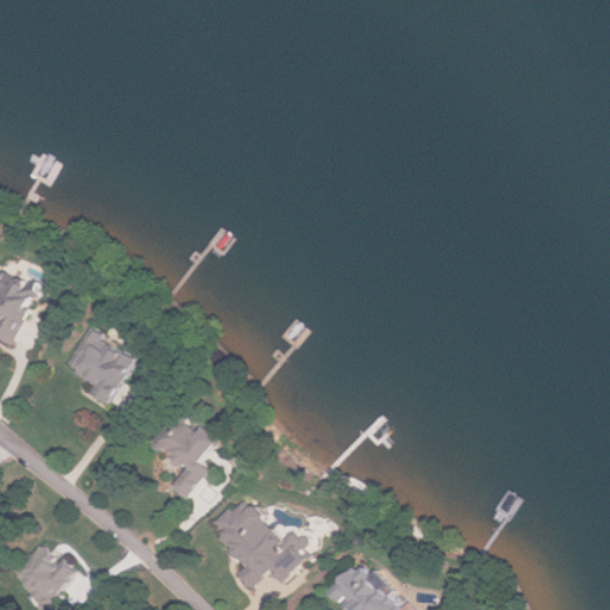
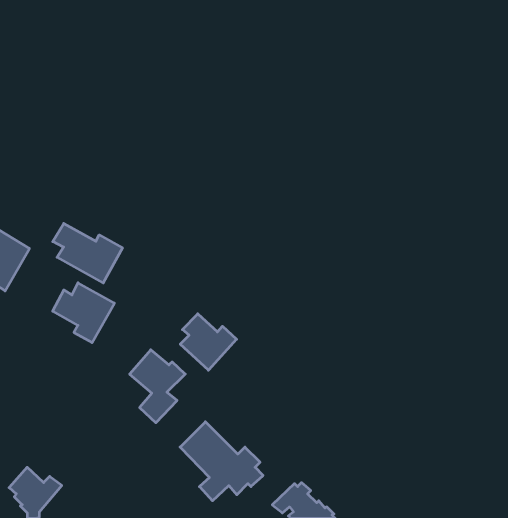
building: none -> [53,223,122,283]
building: none -> [180,314,237,370]

